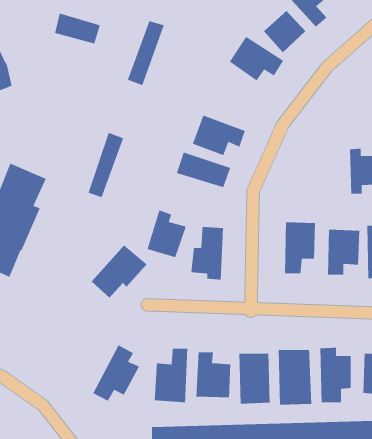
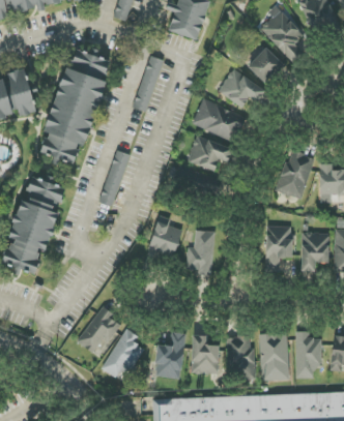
building: none -> [39,68,105,163]
building: none -> [192,99,246,143]
building: none -> [277,150,313,199]
building: [91,245,148,299] -> [75,308,122,354]

